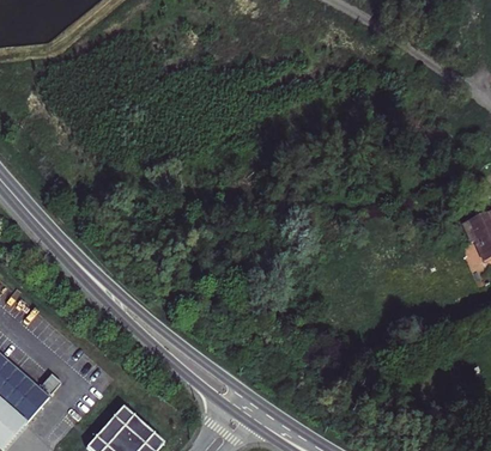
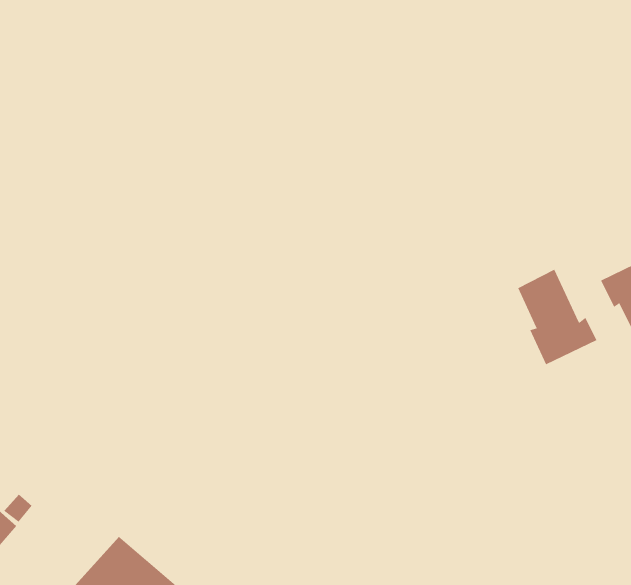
building: none -> [517,269,597,365]

